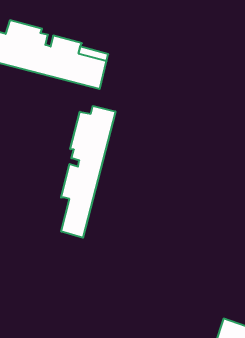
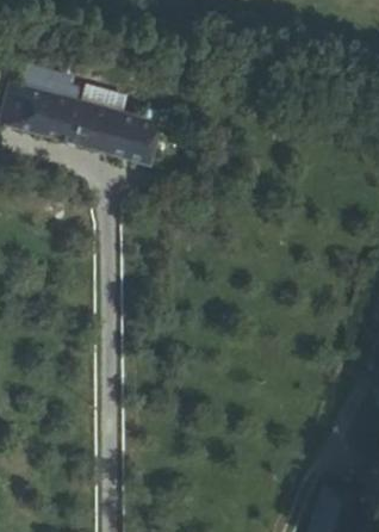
building: [61,106,115,238] -> none

